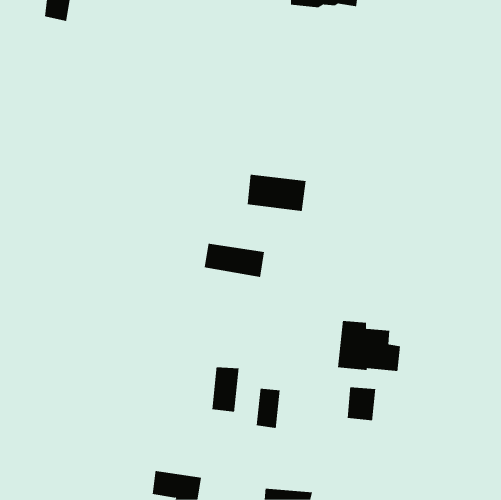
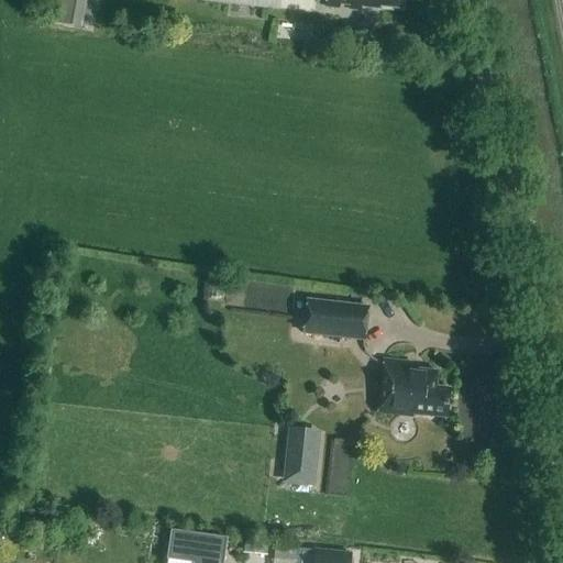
building: [247,174,307,211] -> [301,298,368,340]
building: [212,367,239,412] -> none
building: [347,387,376,421] -> none

